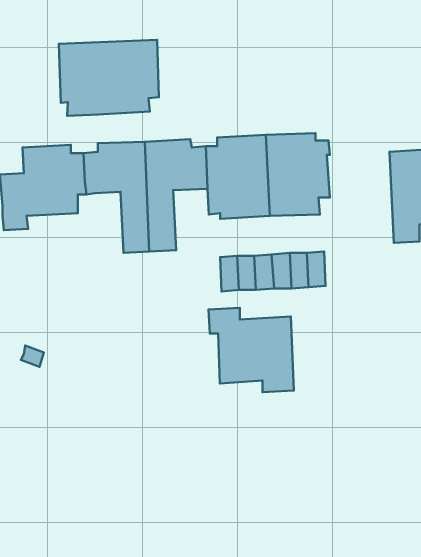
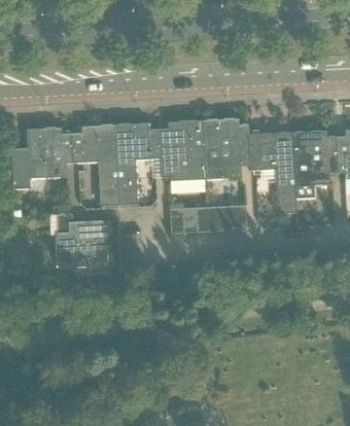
building: [59,40,159,116] -> none
building: none -> [247,132,296,213]
building: [208,308,294,392] -> [49,213,111,274]

